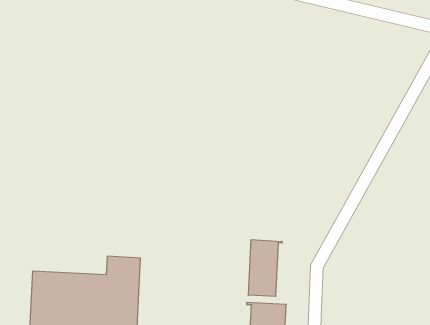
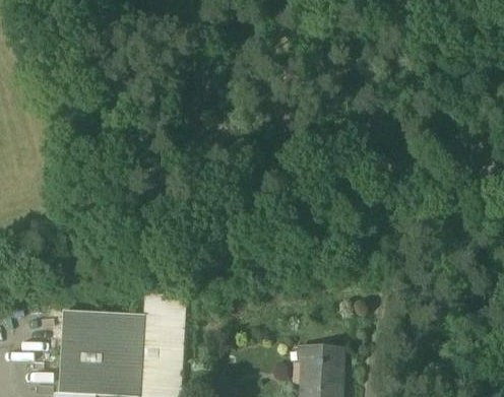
building: [248,240,282,297] -> none

